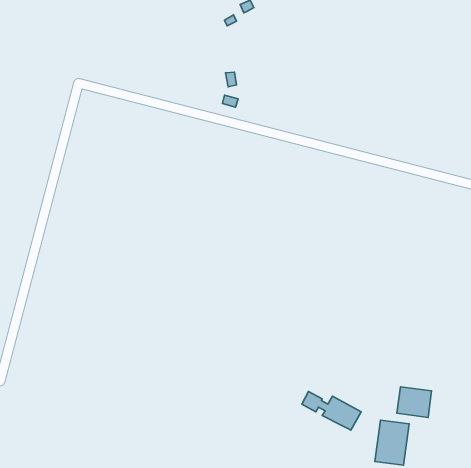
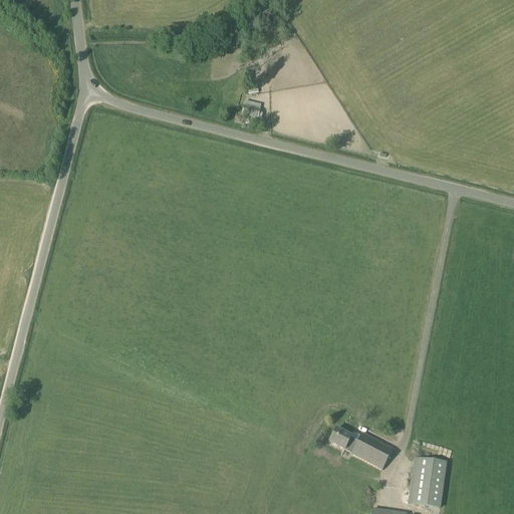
building: [397,387,432,417] -> none

